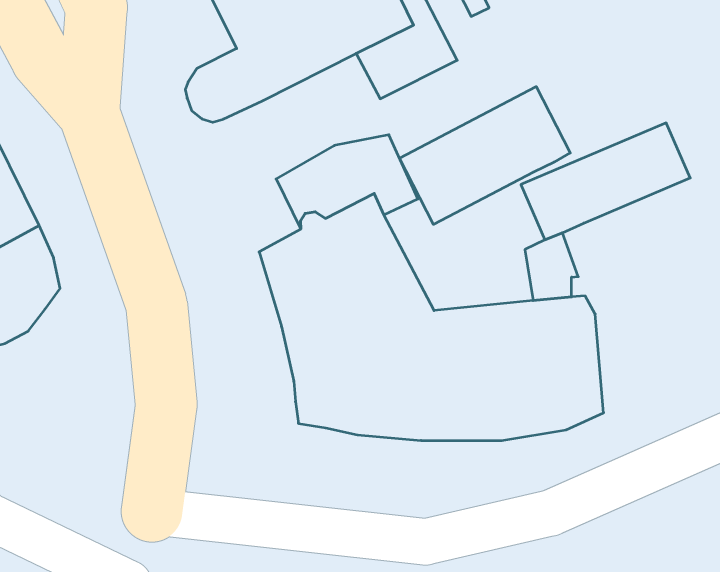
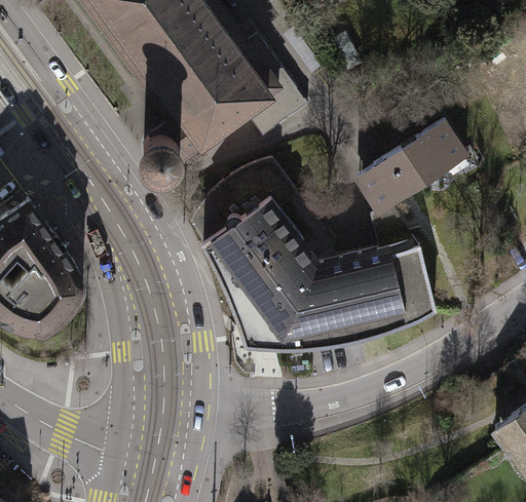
building: [399,87,570,224] -> none

